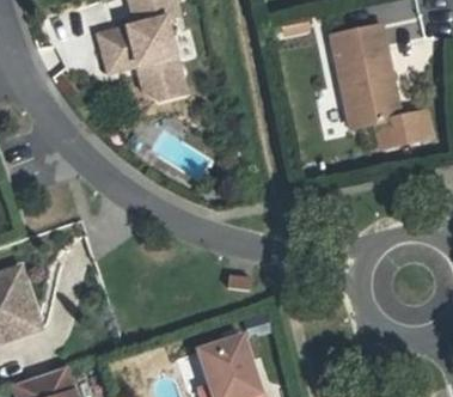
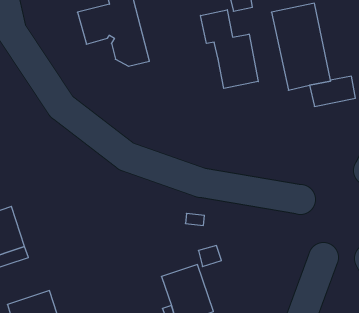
building: none -> [201,10,258,88]

